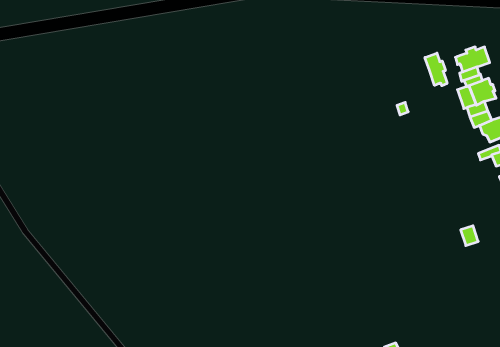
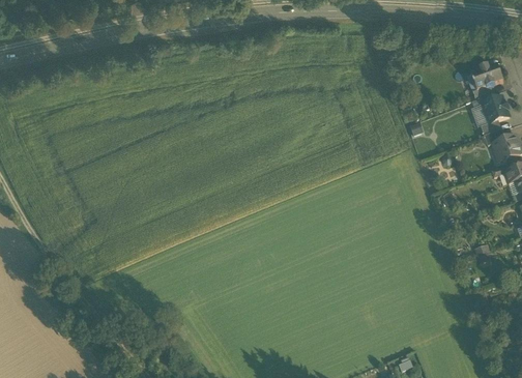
building: [425,53,447,86] -> none

